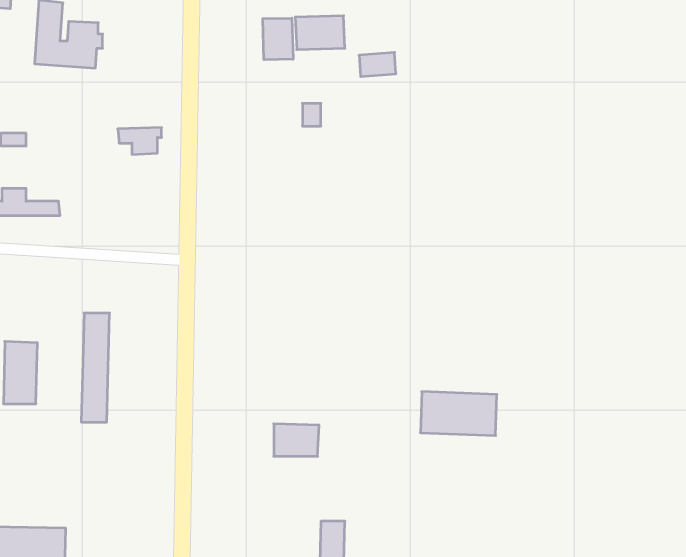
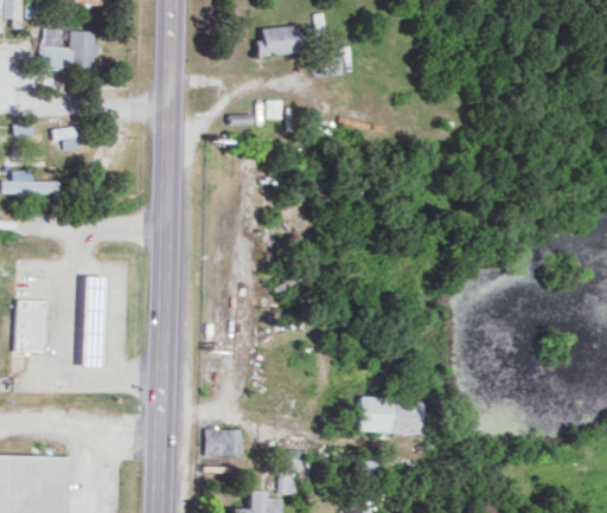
building: [263,18,293,60] -> none
building: [118,128,162,154] -> [50,128,87,150]
building: [420,392,497,436] -> [356,397,420,434]
building: [274,424,319,456] -> [204,429,242,456]

